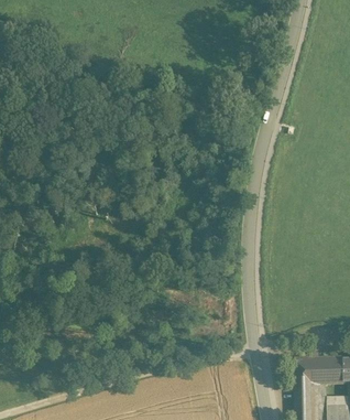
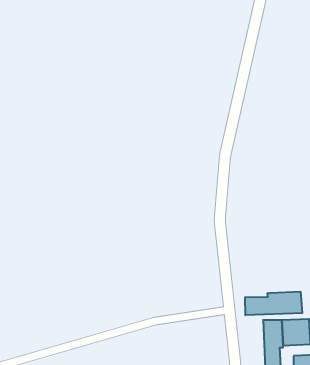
building: none -> [245,292,302,315]

